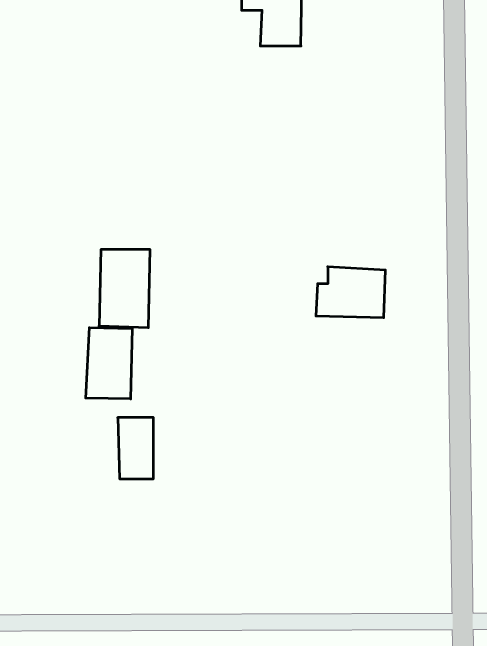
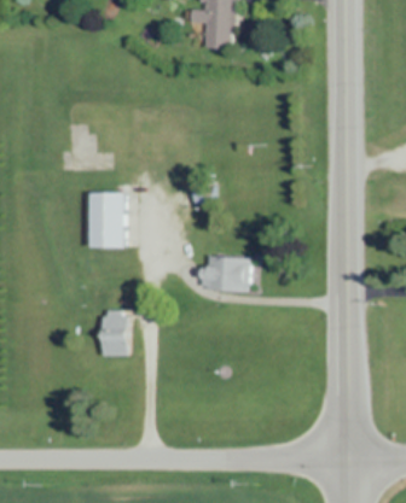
building: [316,267,385,318] -> [202,256,251,292]
building: [86,328,132,399] -> none

